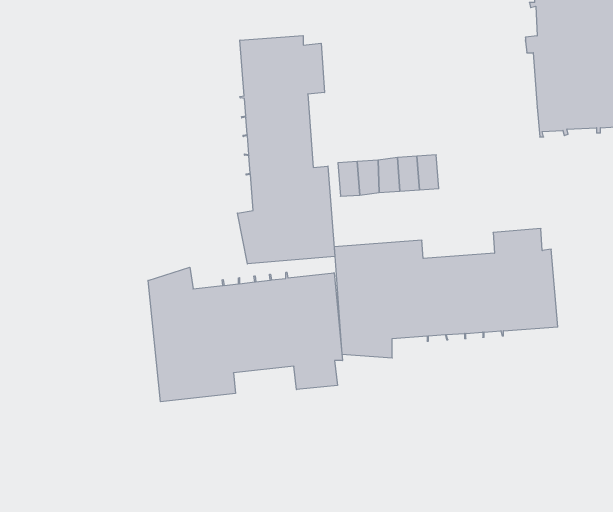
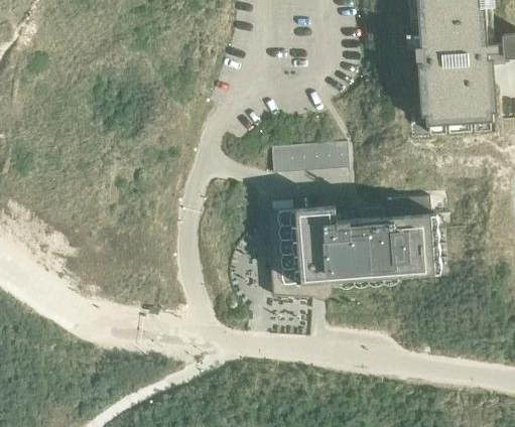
building: [237,36,335,264] -> none
building: [148,267,342,402] -> none

